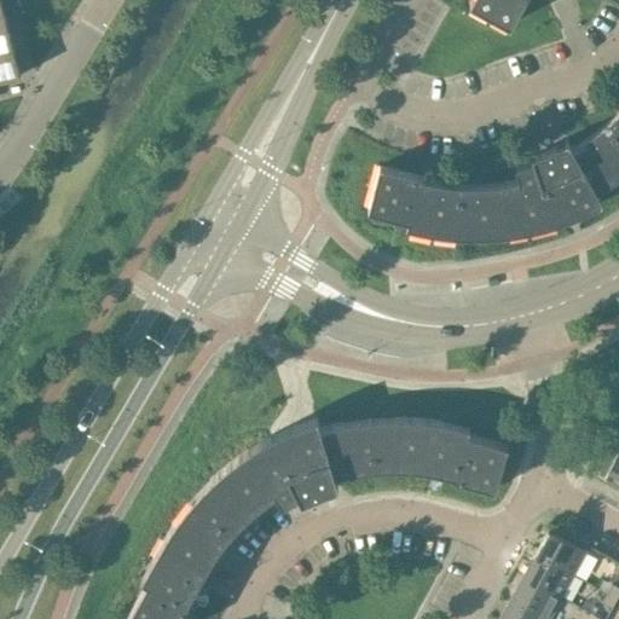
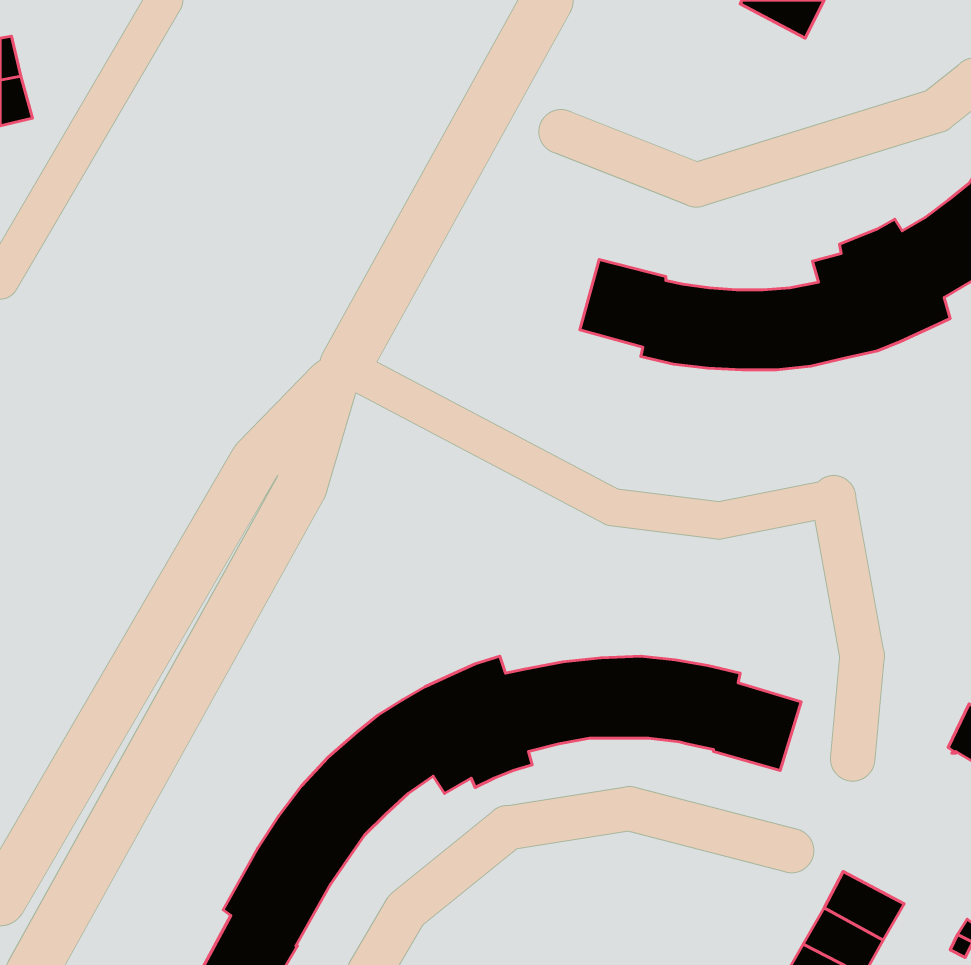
building: [537,534,589,579] -> none

